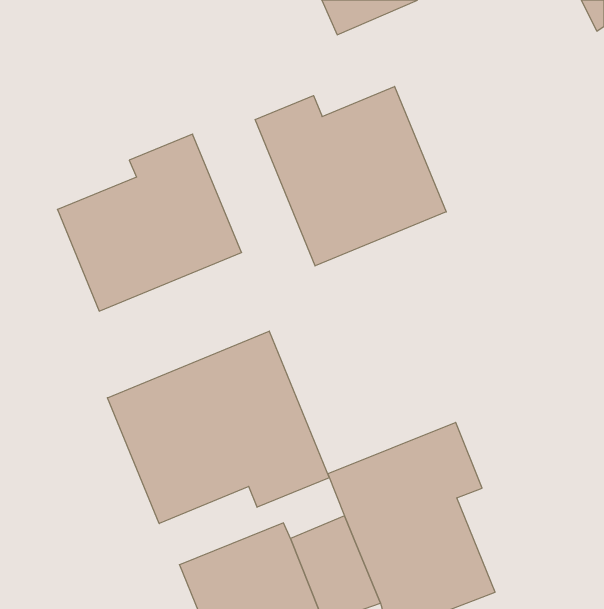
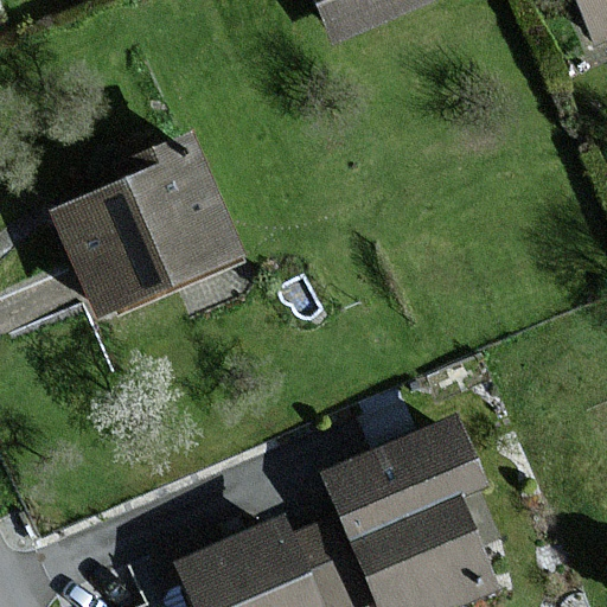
building: [255,86,446,266] -> none
building: [107,331,329,524] -> none

